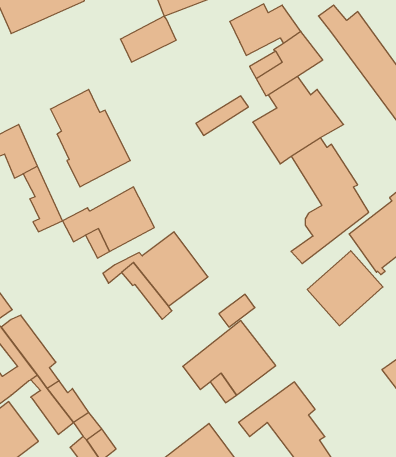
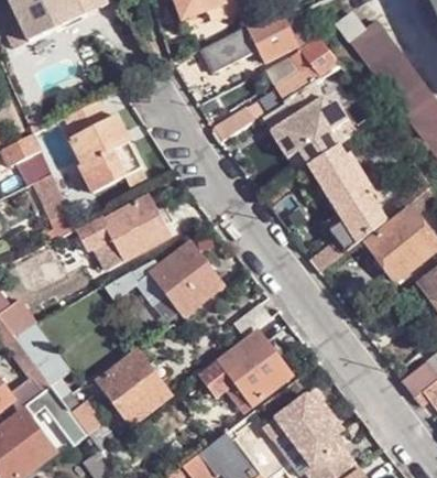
building: [120,16,176,62] -> [199,25,255,72]
building: [307,251,383,326] -> none
building: none -> [99,350,172,423]

